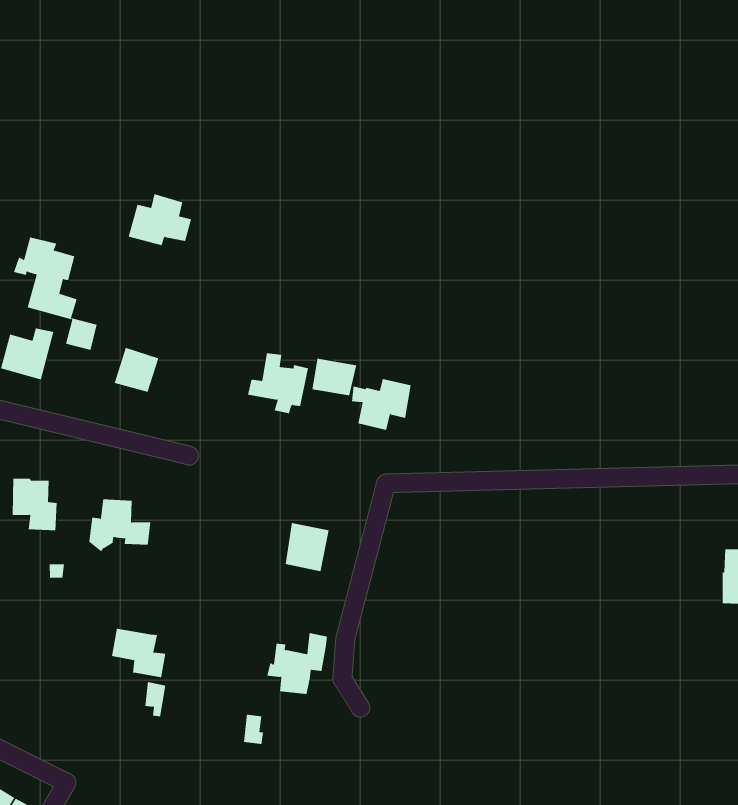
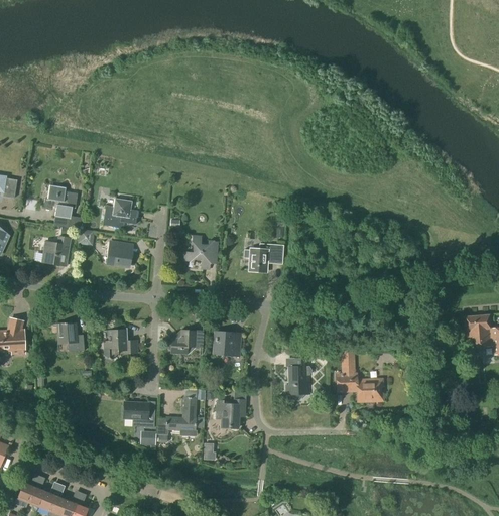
building: [128,194,192,246] -> [103,199,138,228]
building: [312,358,357,396] -> none
building: none -> [171,330,204,354]
building: none -> [337,351,384,401]
building: none -> [286,358,310,393]
building: none -> [165,396,198,437]

